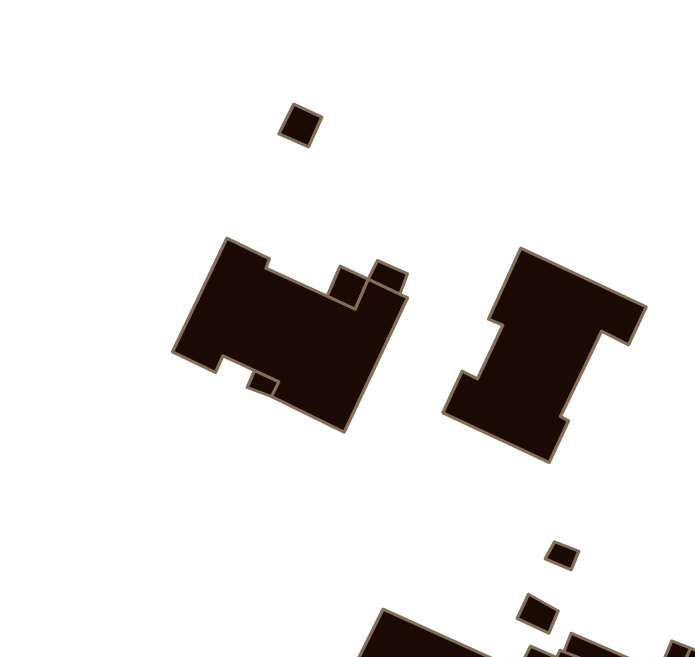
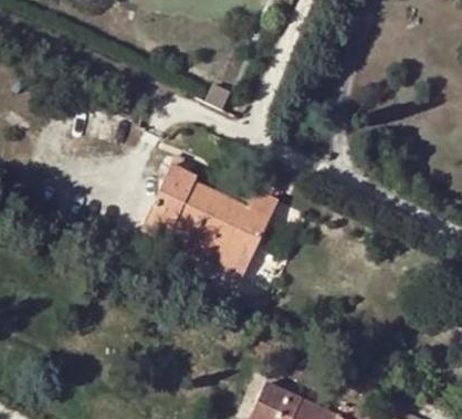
building: [443,248,646,462] -> none

